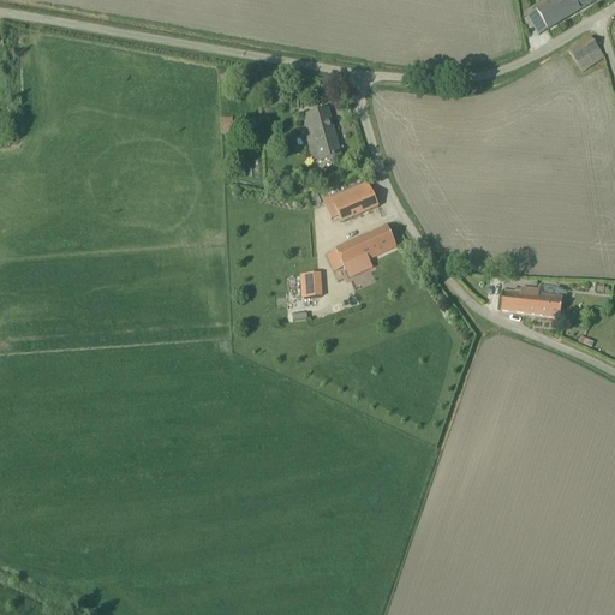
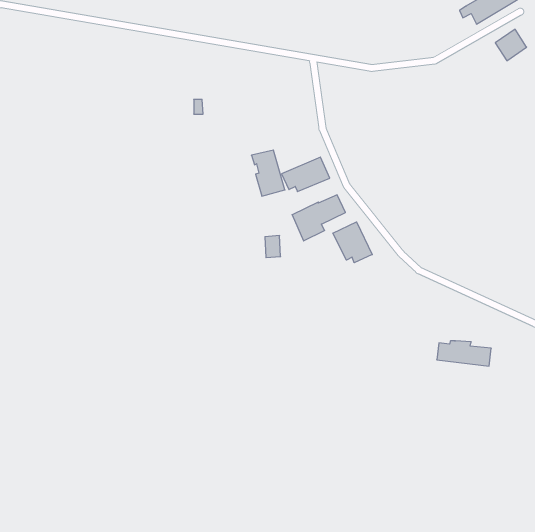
building: [301,107,340,160] -> [251,150,285,196]
building: none -> [333,222,372,263]
building: [500,286,562,315] -> [437,341,491,366]

